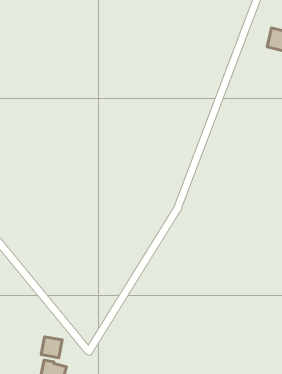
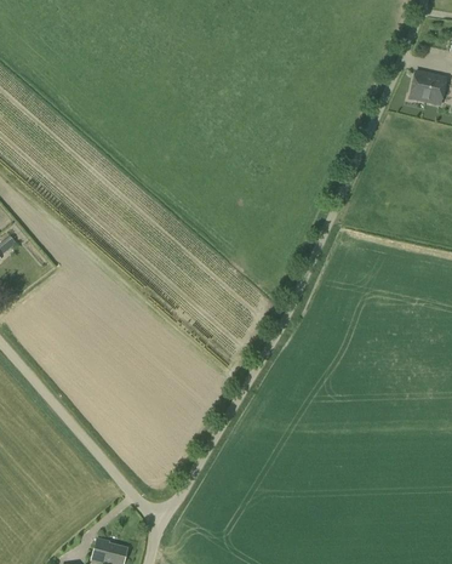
building: [41,337,62,358] -> none

